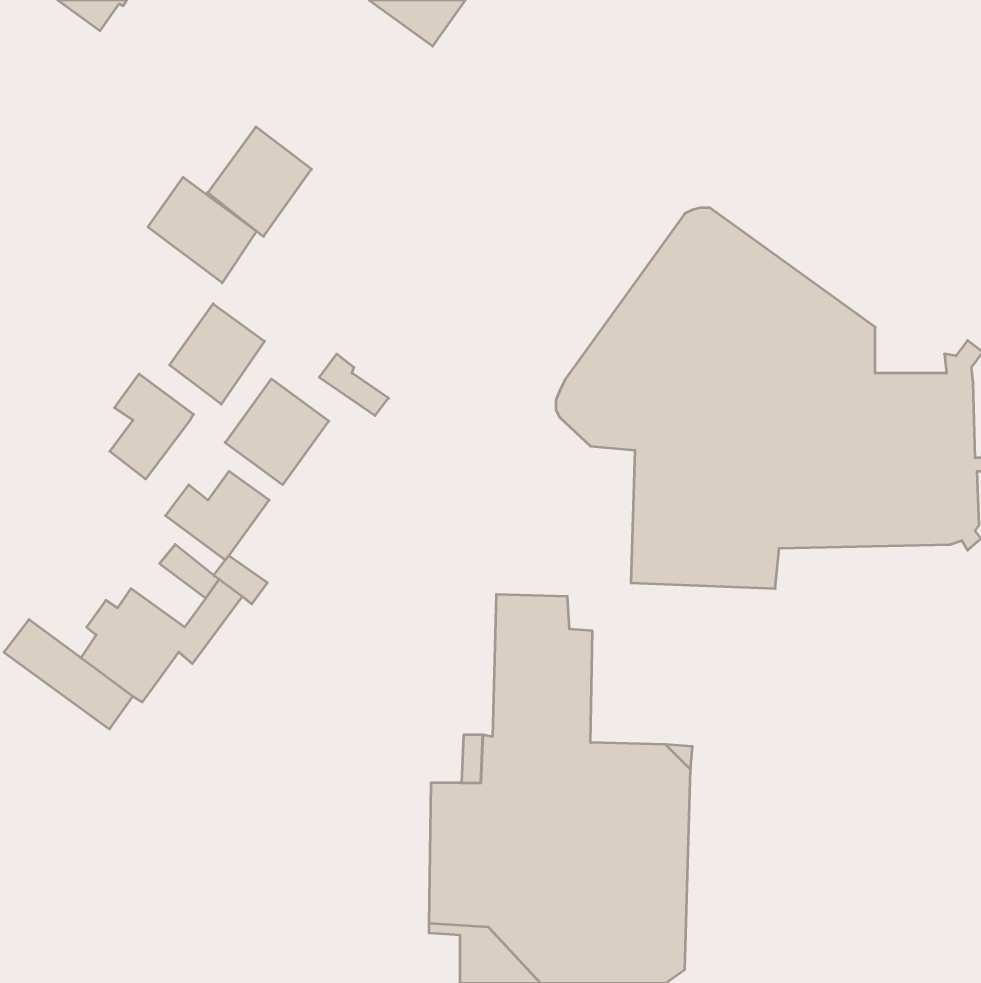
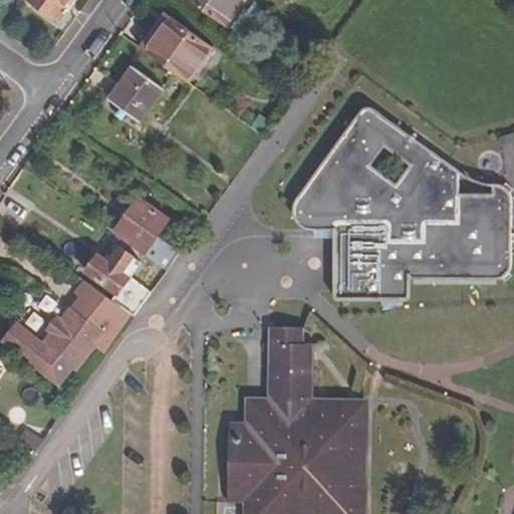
building: none -> [148,14,212,77]
building: [148,177,256,283] -> none
building: [170,304,265,404] -> none
building: [110,374,194,479] -> none

